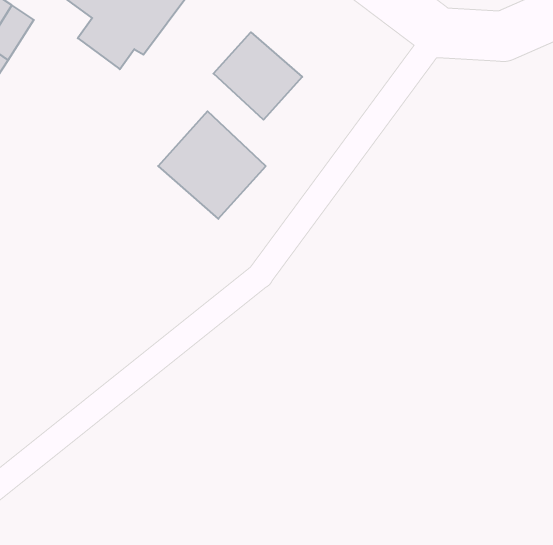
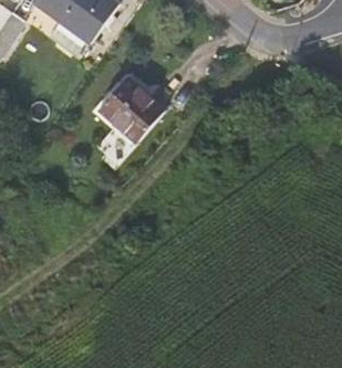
building: [213,32,302,120] -> none

